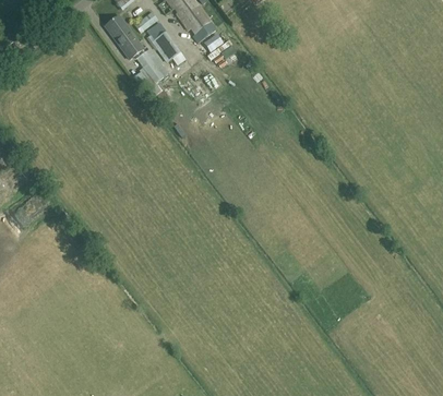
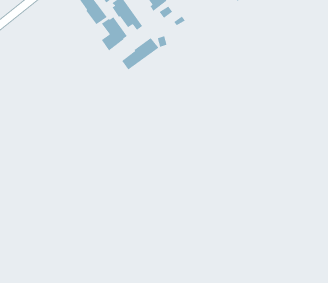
building: none -> [121,37,159,70]

